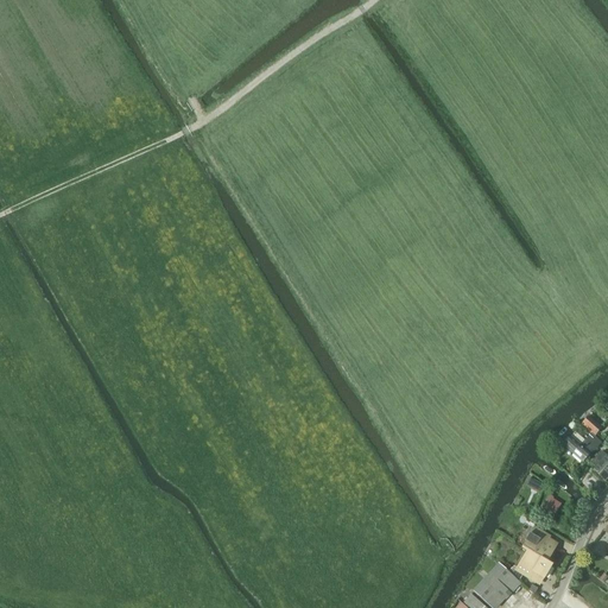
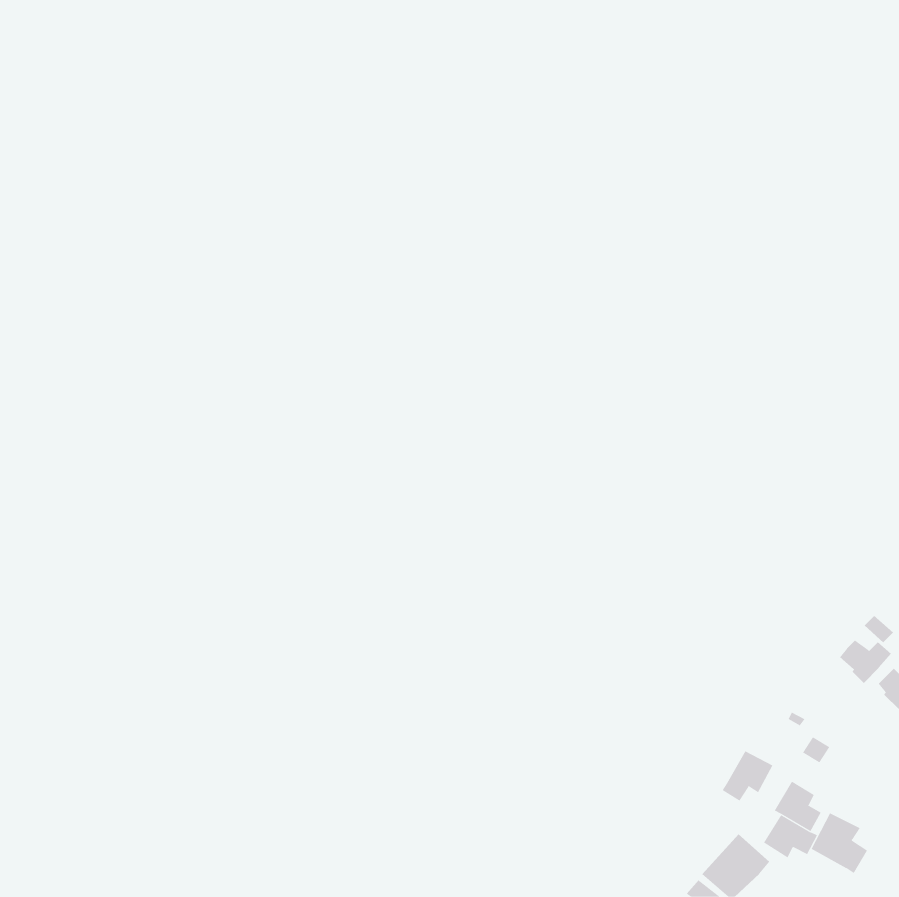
building: none -> [722,750,773,801]
building: none -> [811,812,868,874]

